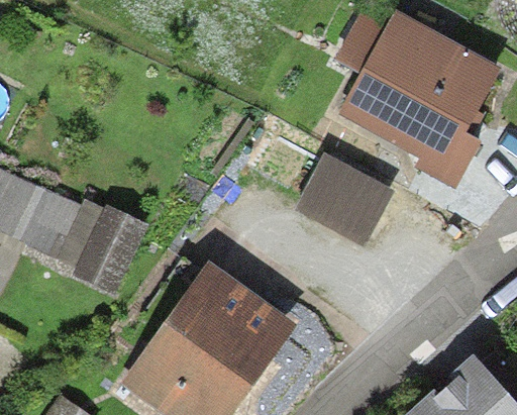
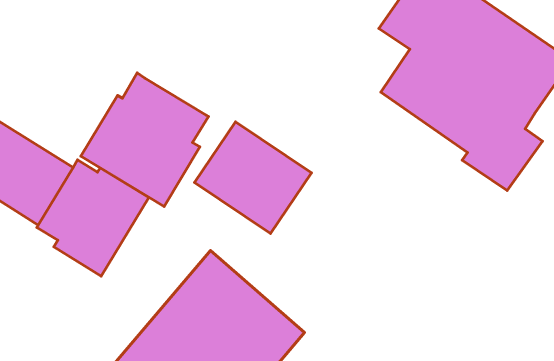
building: none -> [81,73,209,207]
building: [295,153,395,246] -> [195,122,312,233]

